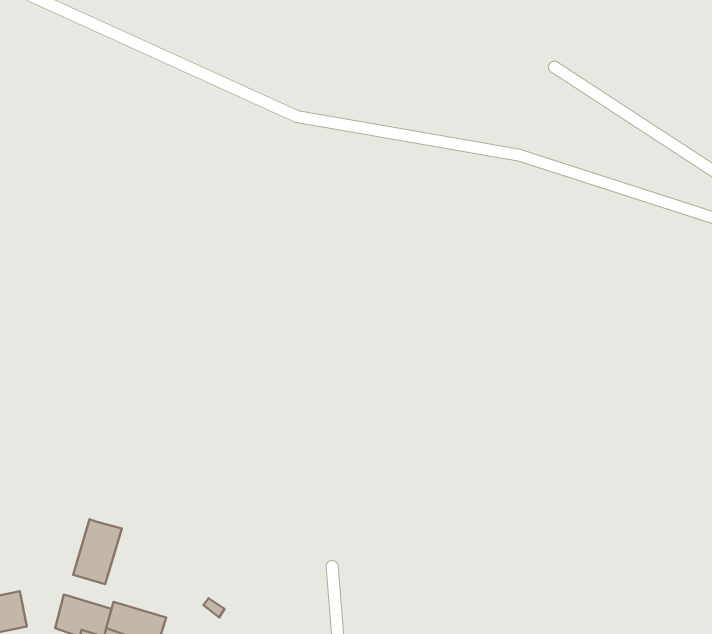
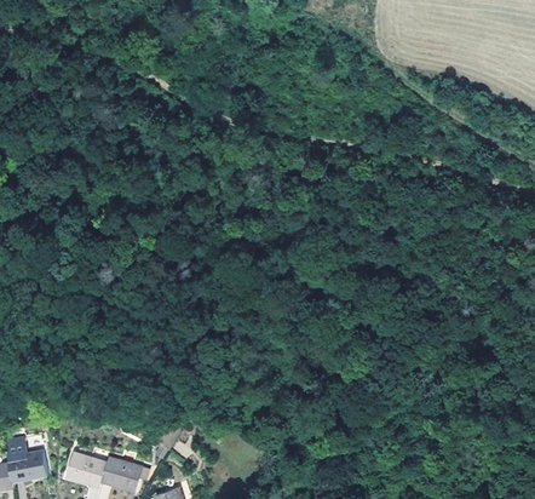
building: [73,519,122,584] -> none

